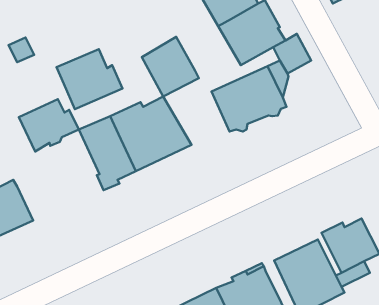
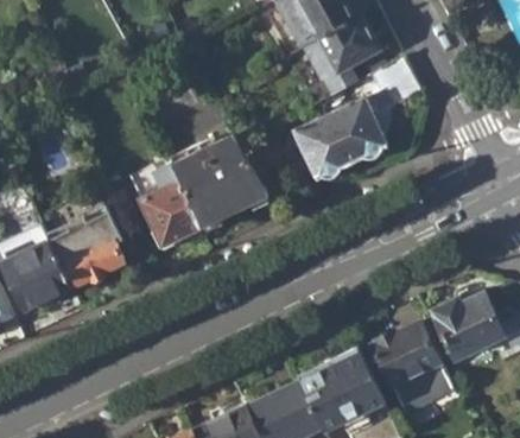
building: [142,37,199,96] -> none
building: [56,49,122,109] -> none
building: [19,99,79,151] -> [52,224,127,290]

